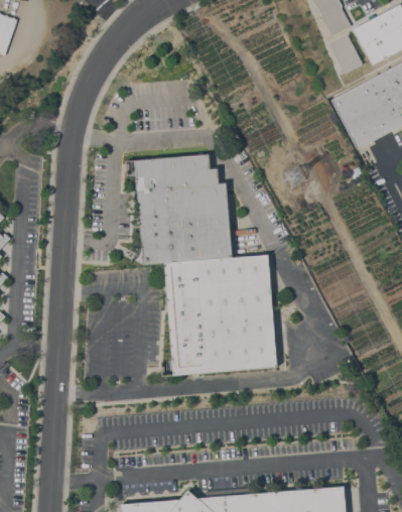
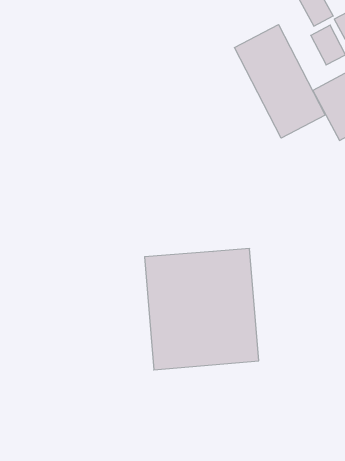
building: none -> [234,25,325,138]
building: [134,152,232,265] -> none

